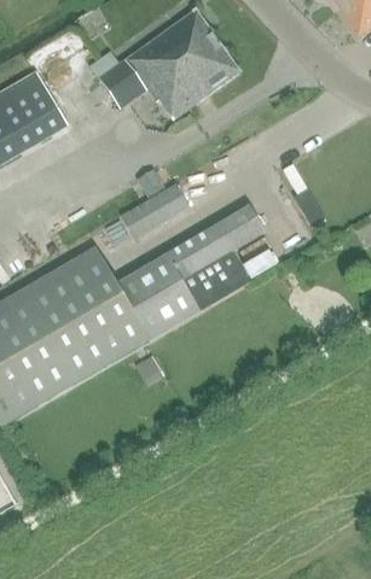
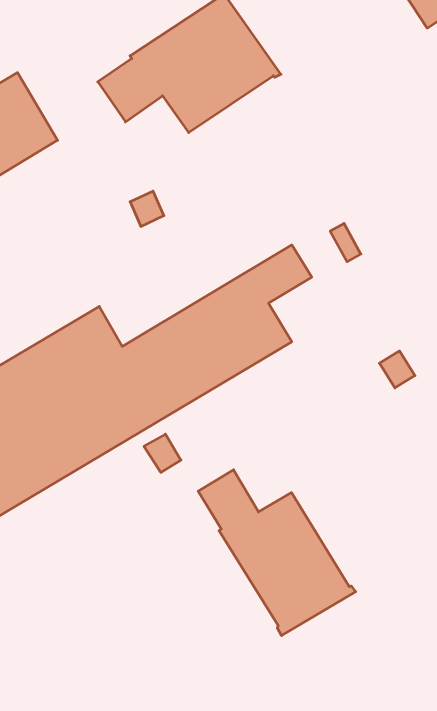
building: [120,182,190,239] -> none
building: none -> [198,470,356,636]

